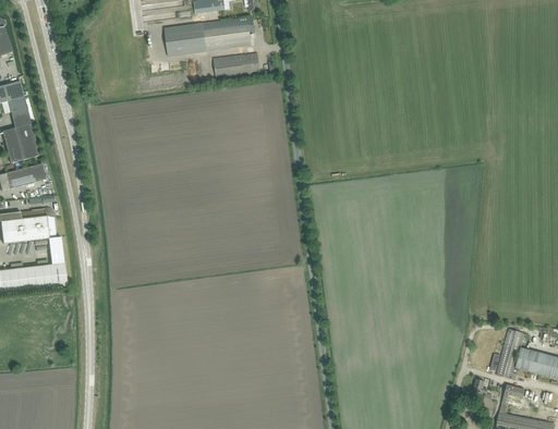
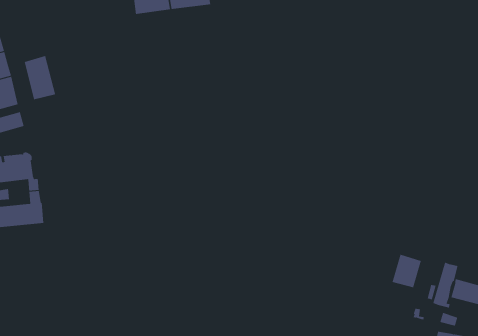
building: [214,52,260,78] -> none
building: none -> [24,55,56,100]
building: none -> [392,254,422,288]

